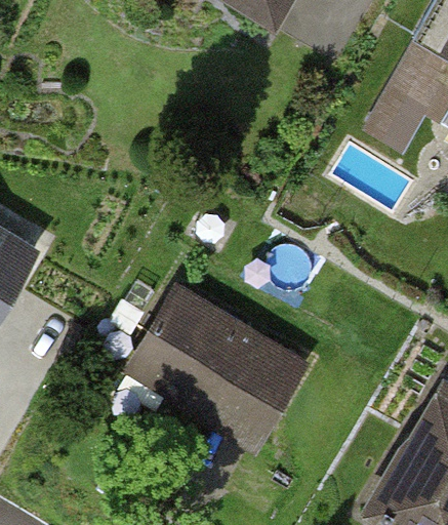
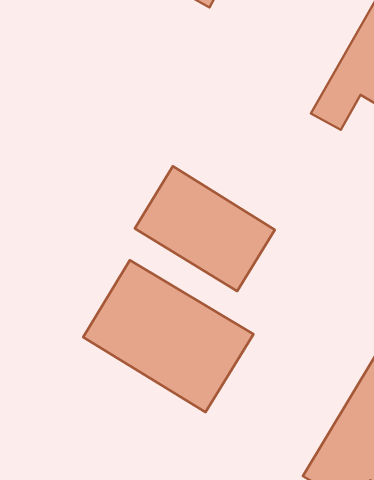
building: none -> [135,166,275,291]

